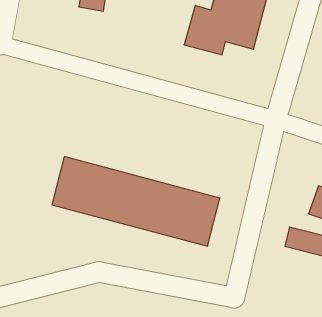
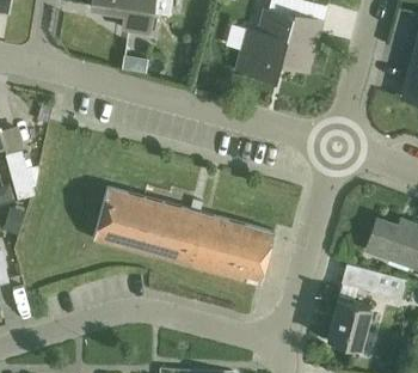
building: none -> [327,294,374,348]

